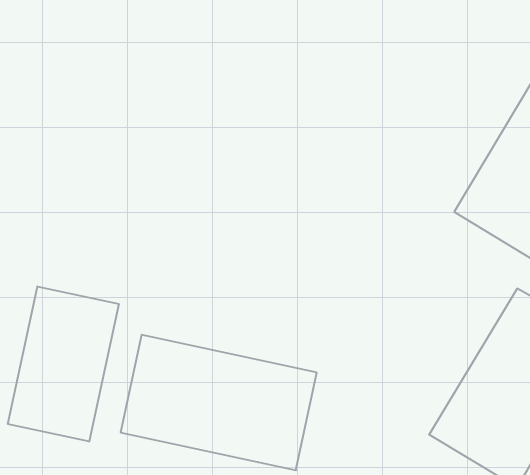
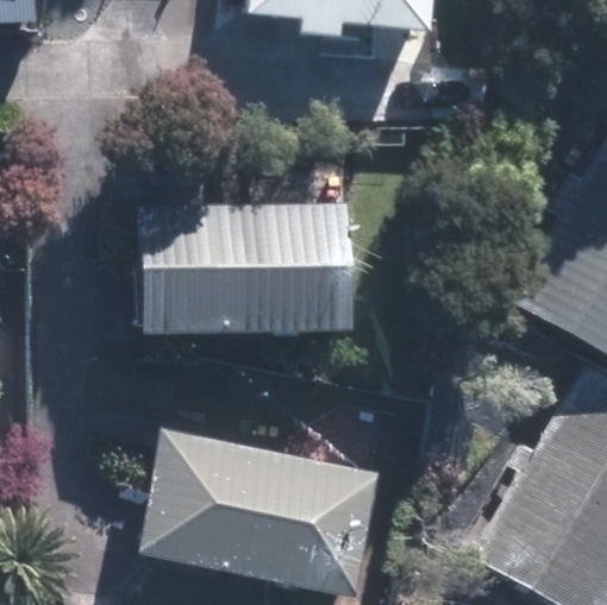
building: none -> [148,215,339,329]
building: [8,286,119,442] -> none

